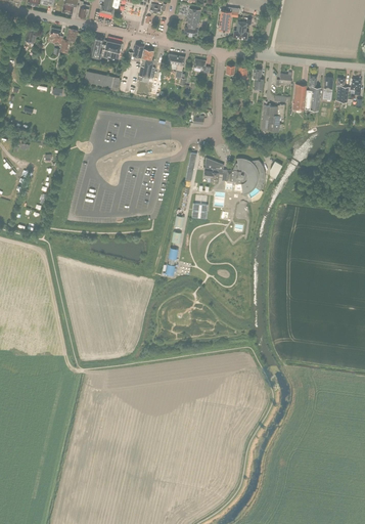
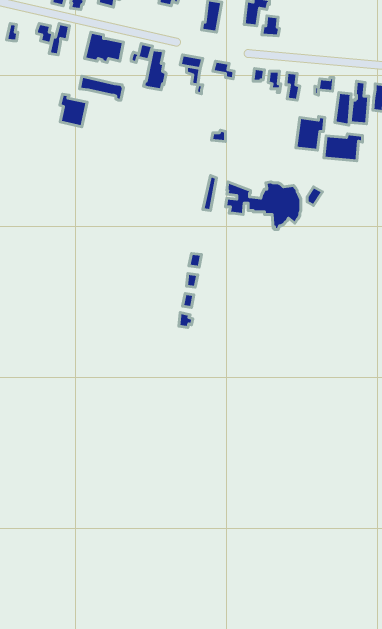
building: none -> [60,94,87,127]
building: none -> [324,134,362,161]

